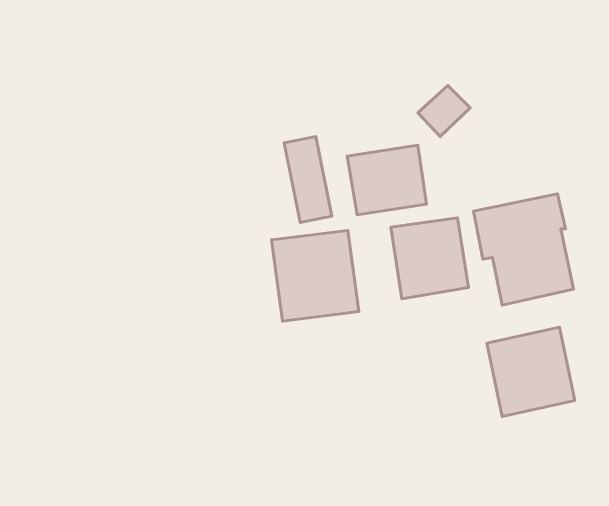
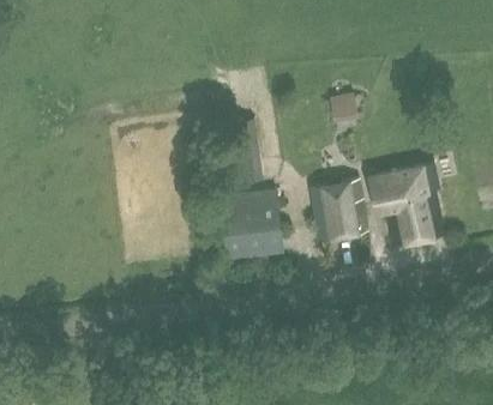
building: [347,145,426,215] -> none
building: [487,327,575,417] -> none

